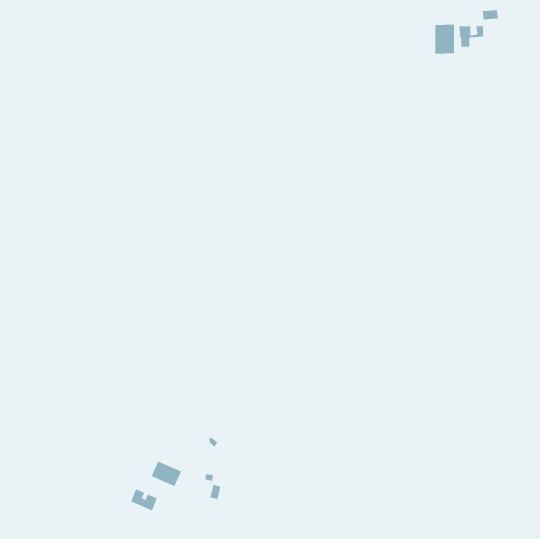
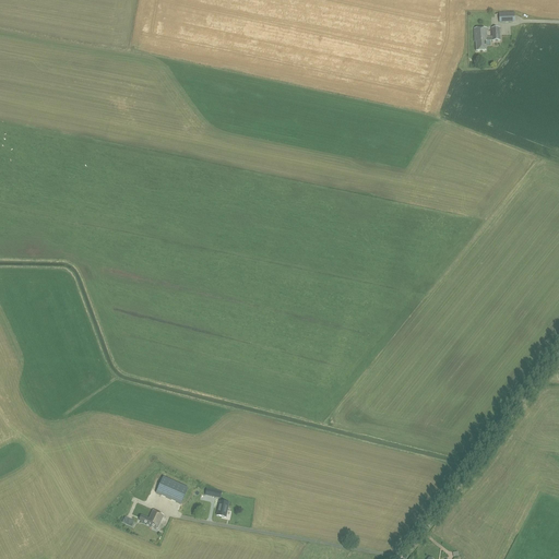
building: [435,24,455,54] -> none

